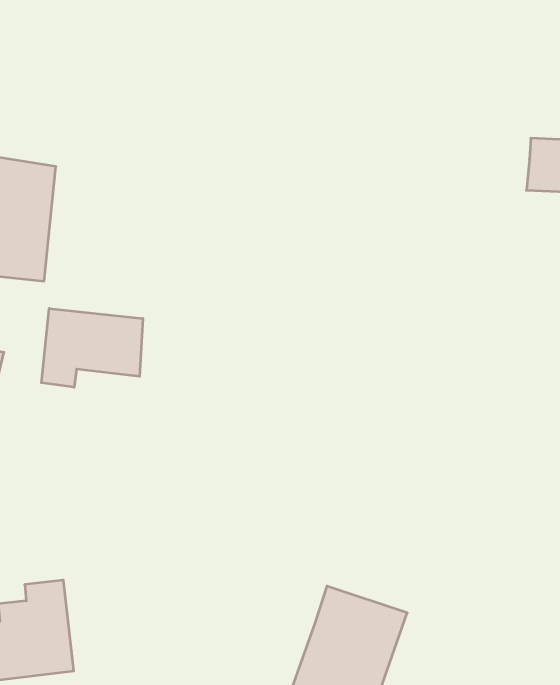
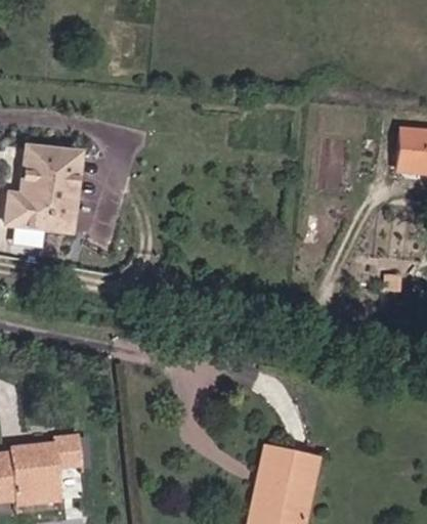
building: [41,308,143,387] -> none

